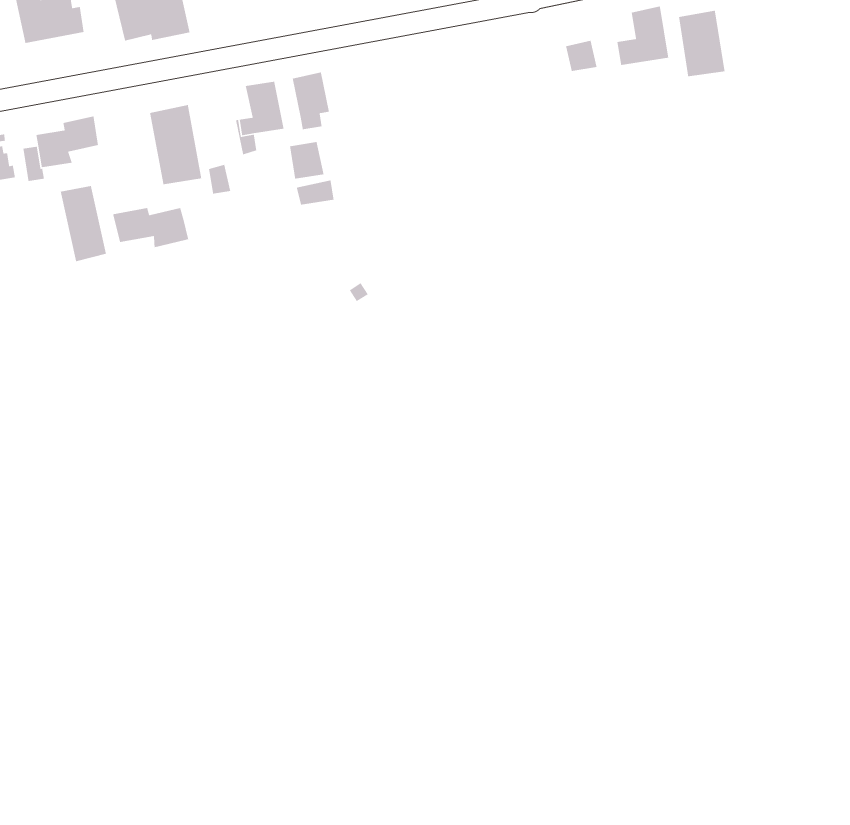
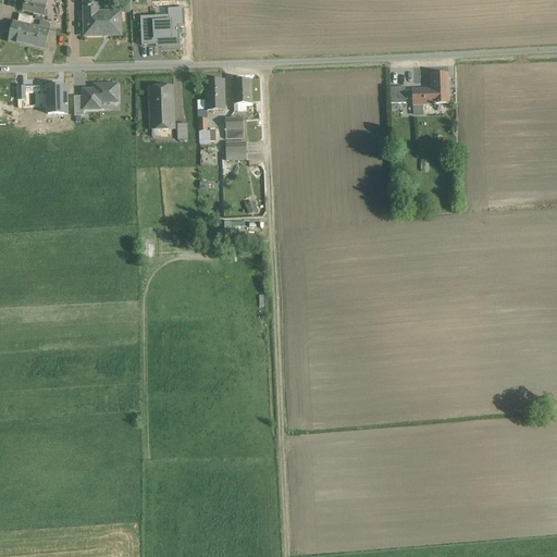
building: [678,10,726,77] -> none
building: [60,185,107,262] -> none
building: [112,207,189,248] -> none

